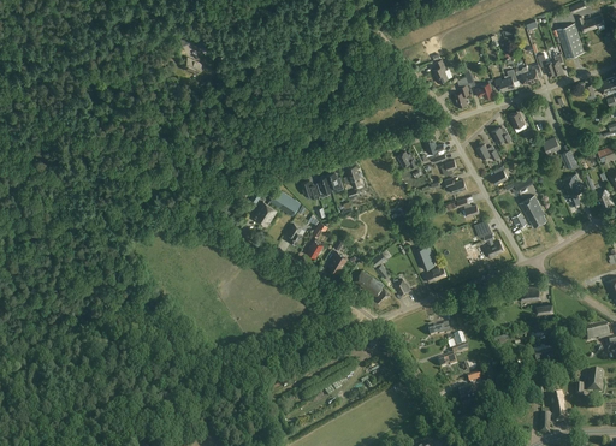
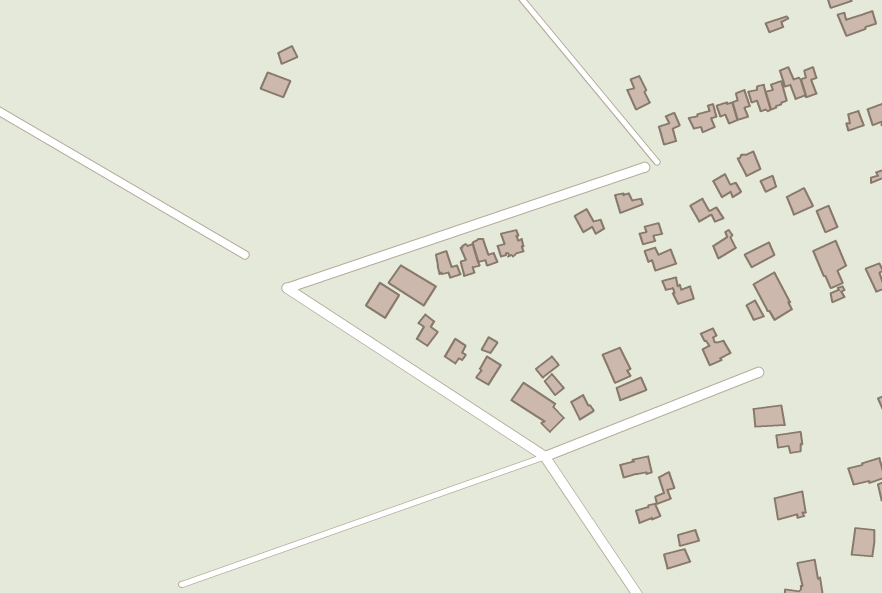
building: [557,24,585,58] -> none

